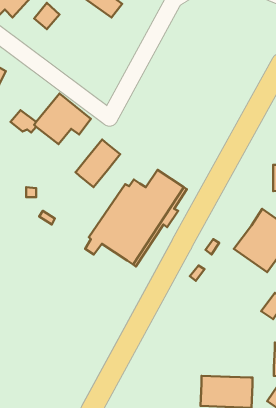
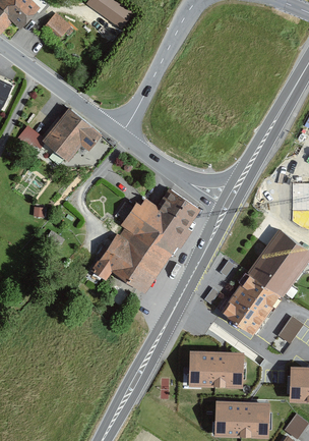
building: [76,139,120,187] -> none
building: none -> [221,270,284,334]
building: none -> [188,351,242,387]

